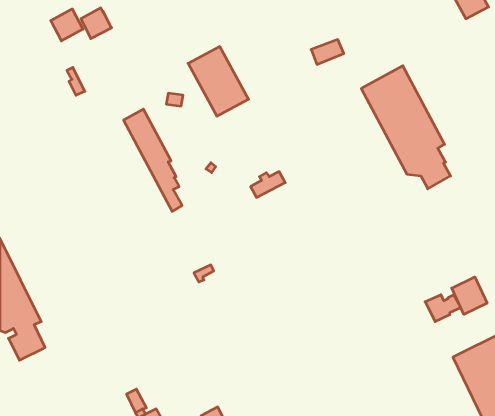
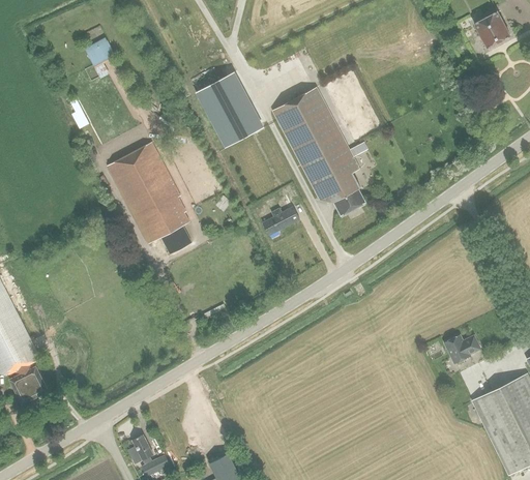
building: [51,9,83,41] -> none
building: [361,66,451,189] -> [272,86,365,214]
building: none -> [107,153,180,253]
building: [452,277,487,314] -> none

